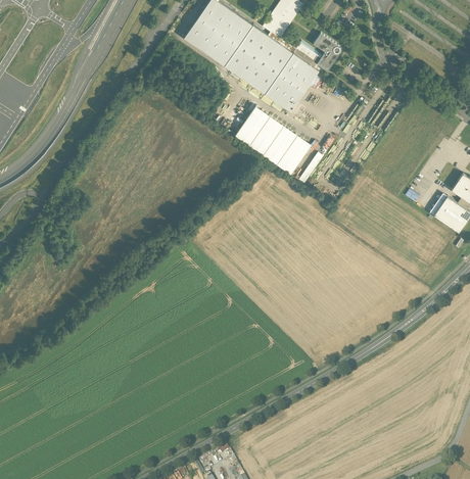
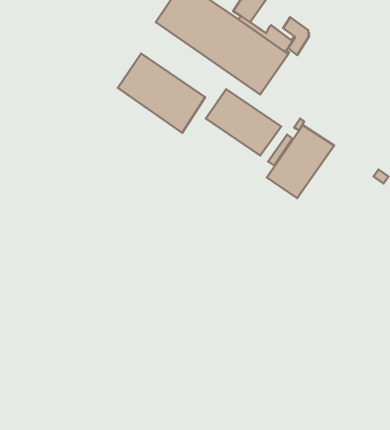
building: none -> [118,53,205,133]
building: none -> [267,125,334,198]

